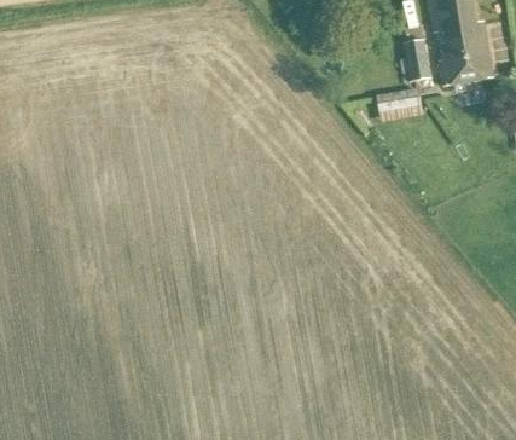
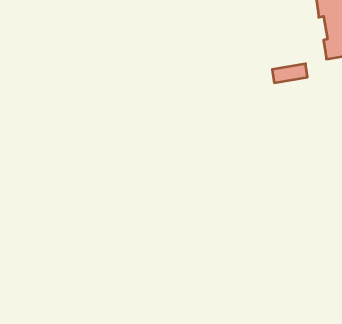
building: [405,35,431,77] -> none

